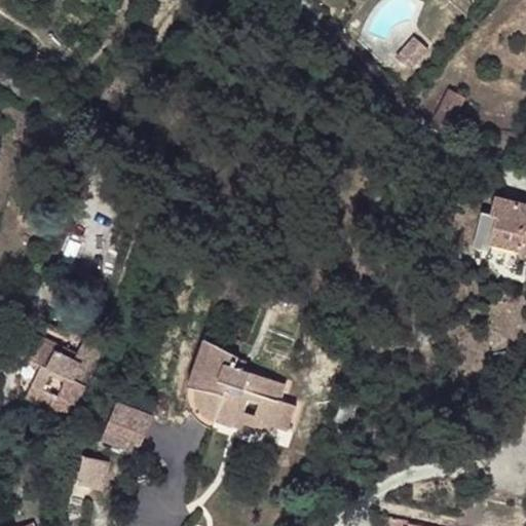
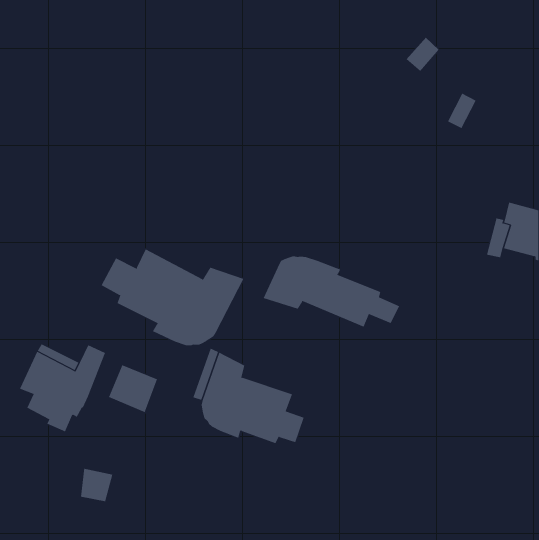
building: none -> [101,249,244,346]
building: none -> [263,256,400,328]
building: [102,407,150,454] -> [108,364,158,413]

